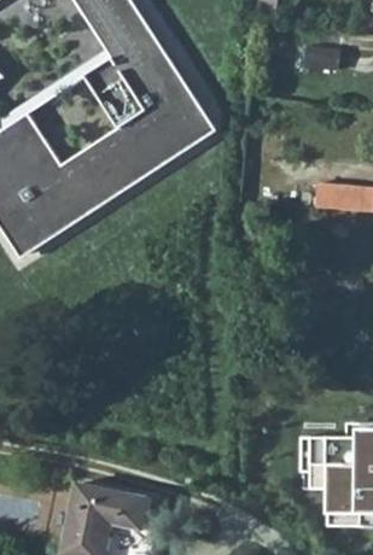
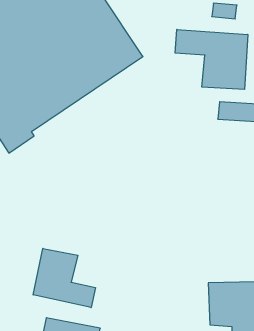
building: none -> [175,29,248,89]
building: none -> [33,248,95,308]

